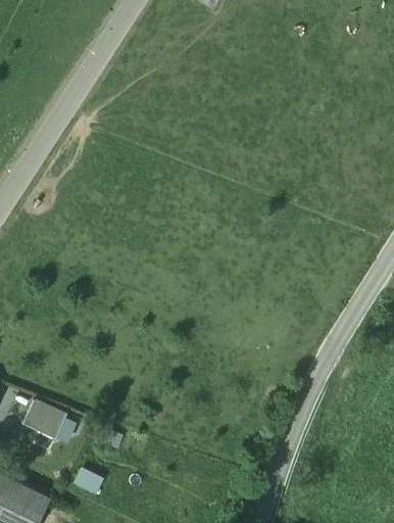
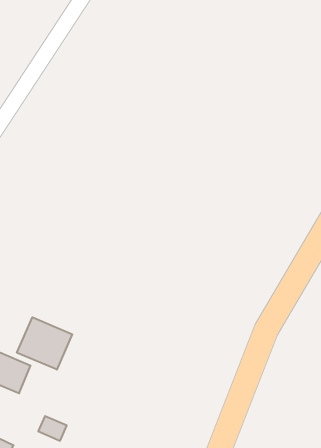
building: none -> [17,317,72,370]

